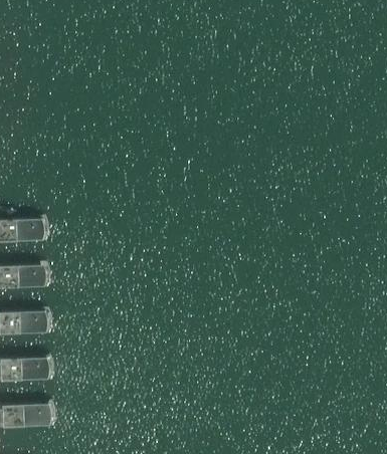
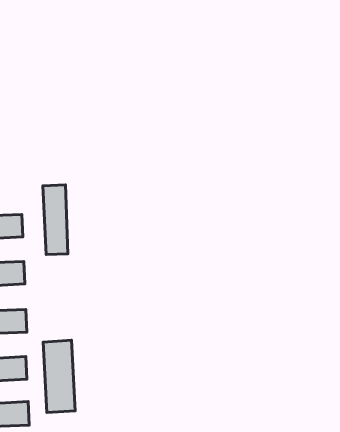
building: none -> [43,185,68,255]
building: none -> [43,340,75,413]

